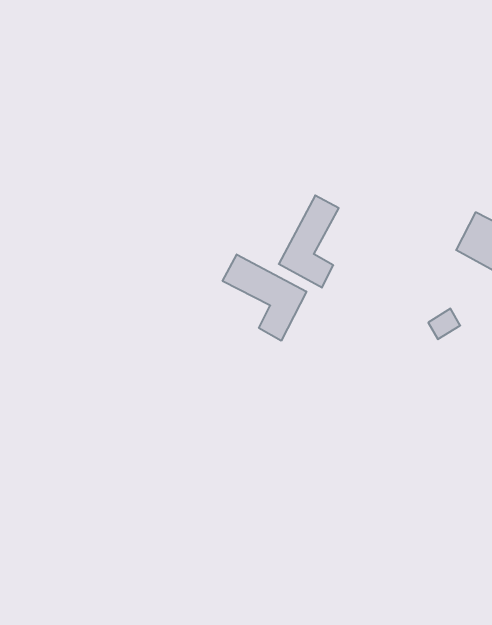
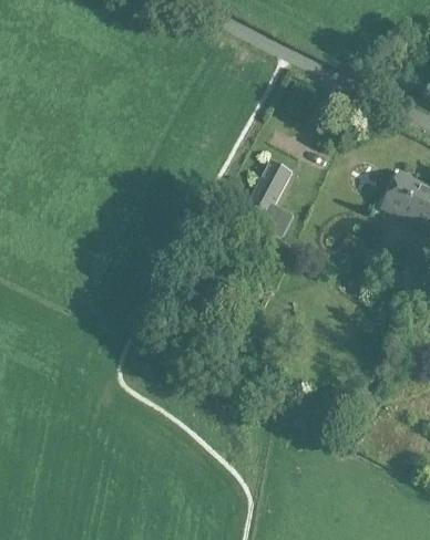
building: [223,254,306,341] -> none

